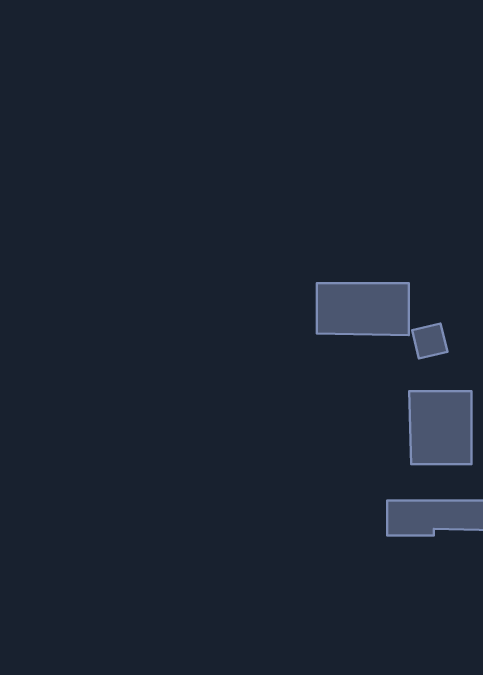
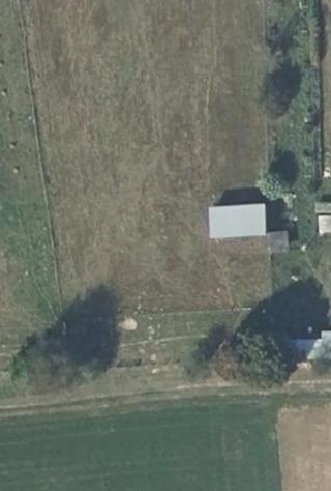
building: [409,391,472,464] -> none

